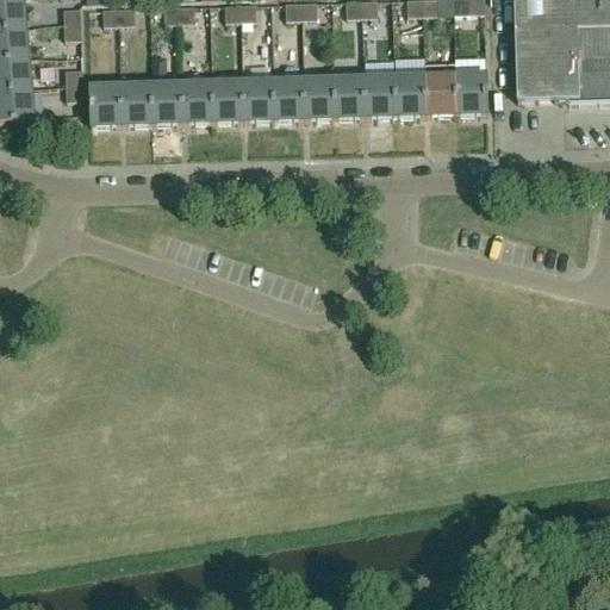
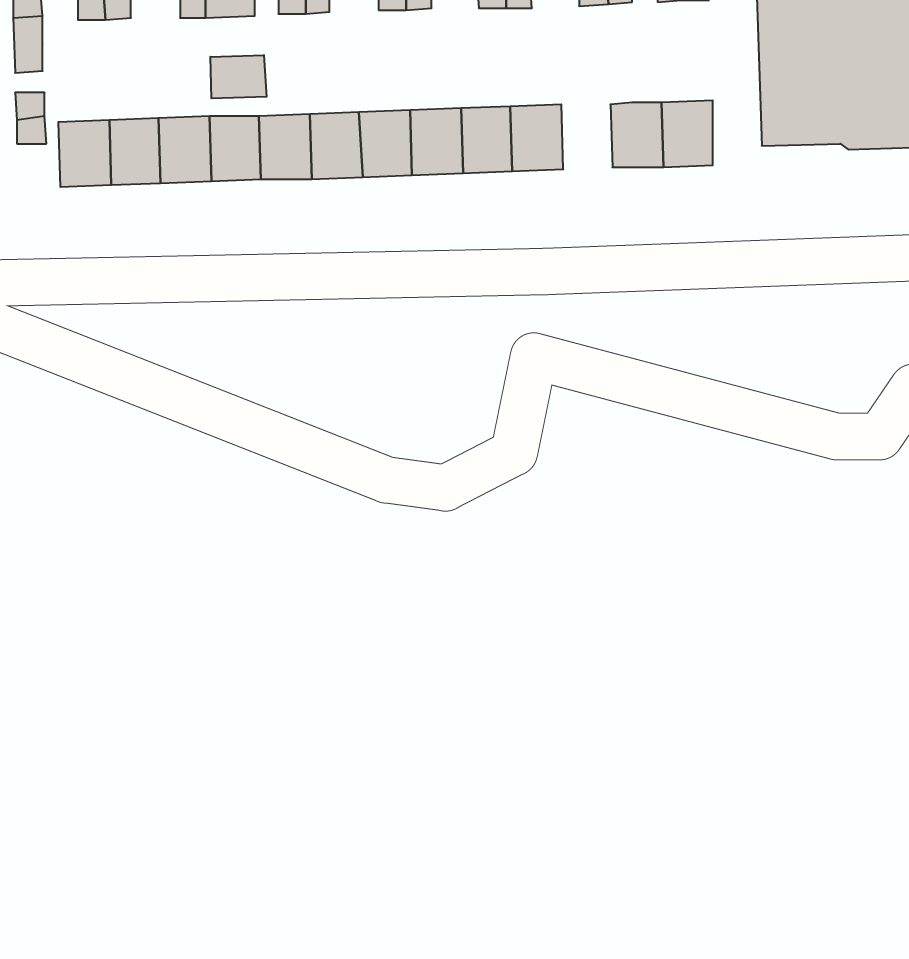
building: none -> [210,55,267,98]
building: [396,73,427,112] -> none

